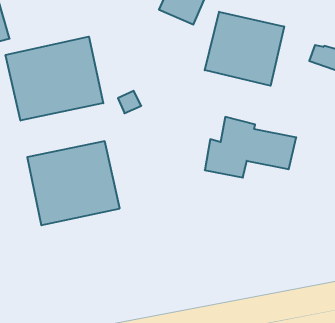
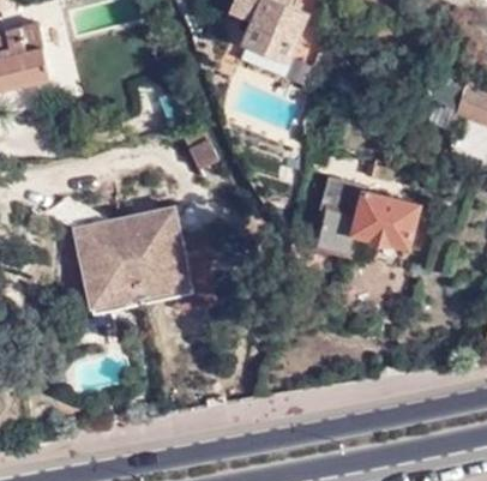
building: [205,12,284,86] -> none
building: [6,37,103,121] -> none

